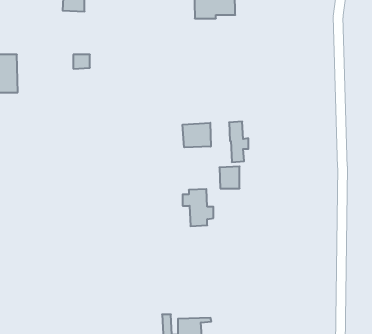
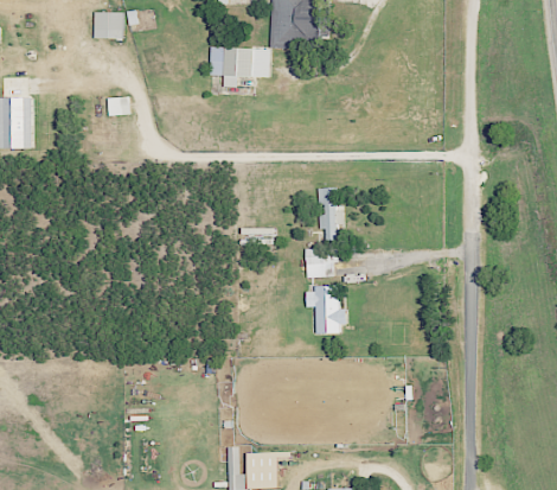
building: none -> [209,46,270,87]
building: [183,123,211,147] -> none
building: [183,189,213,226] -> [306,284,347,333]

